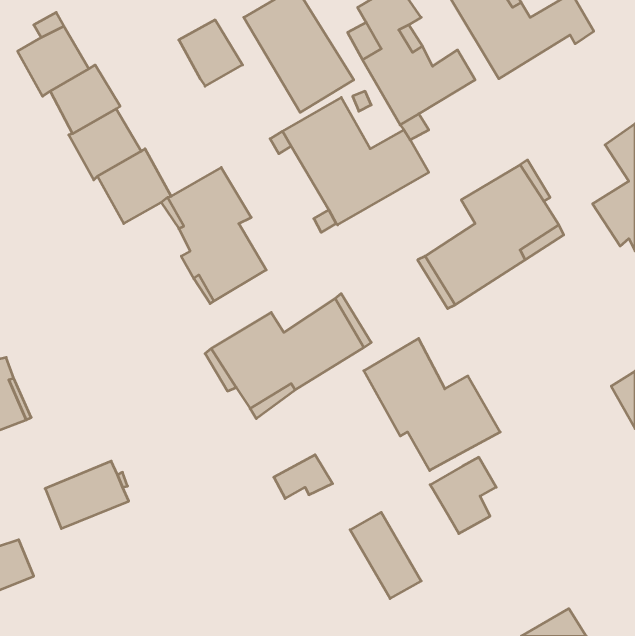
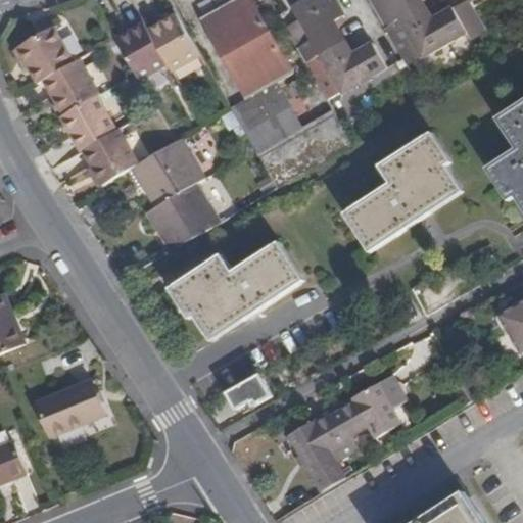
building: none -> [111,25,163,82]
building: [364,338,500,471] -> none
building: none -> [312,399,368,460]

